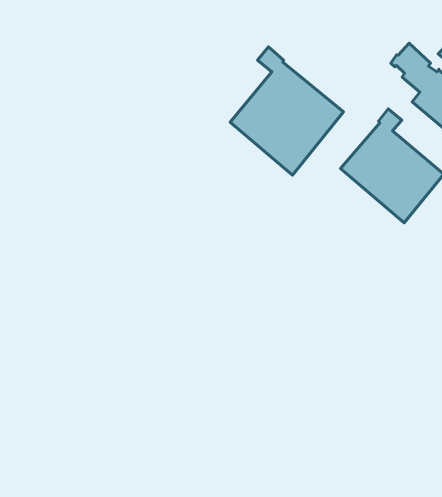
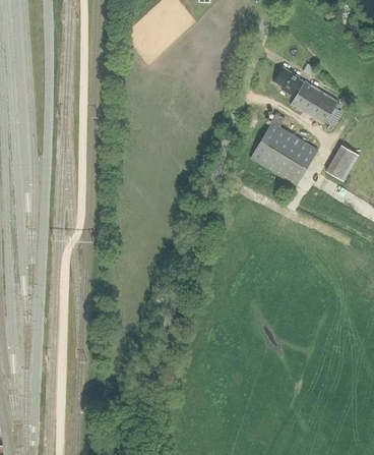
building: [230,47,344,175] -> none

